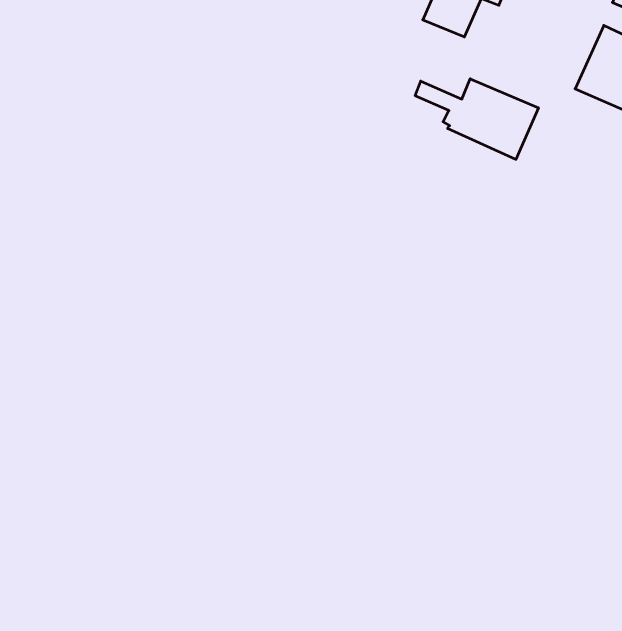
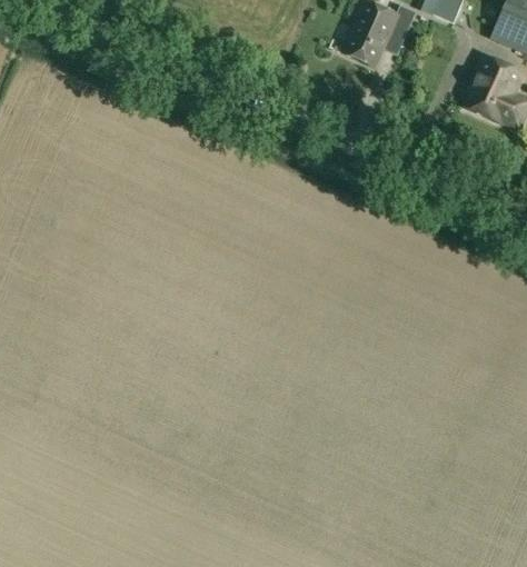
building: [415,79,538,159] -> none

